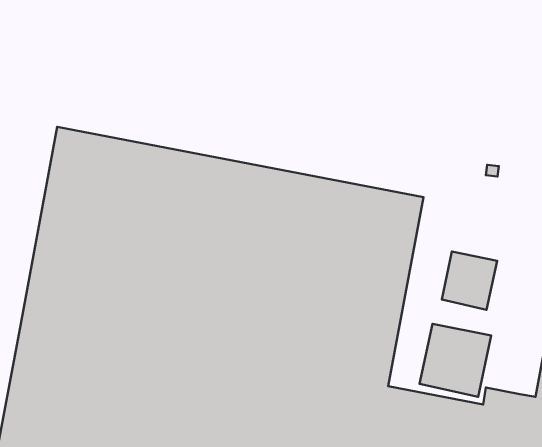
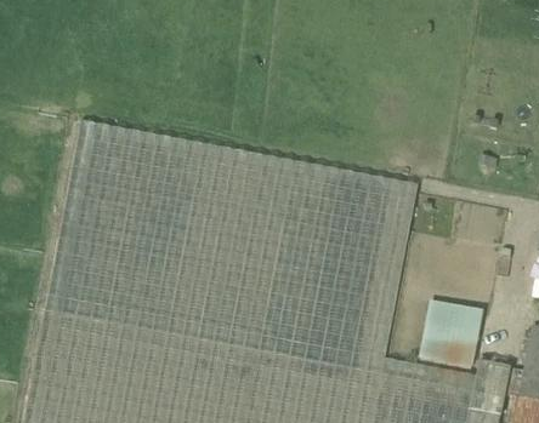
building: [442,252,497,310] -> none

